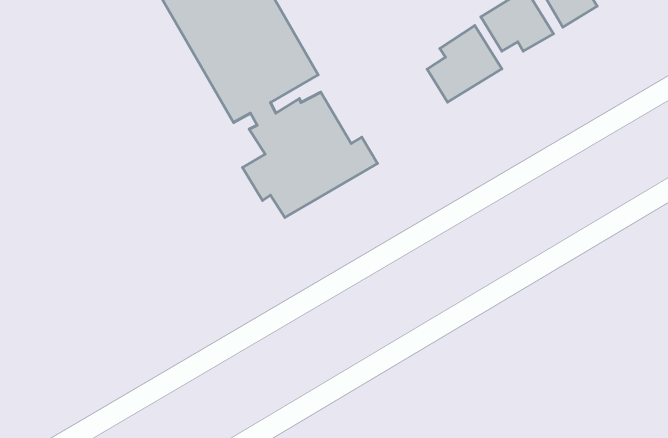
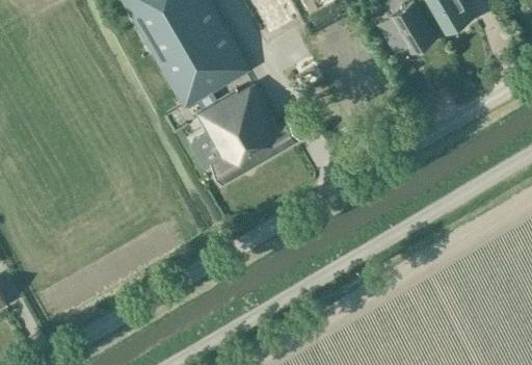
building: [427,25,502,102] -> none

